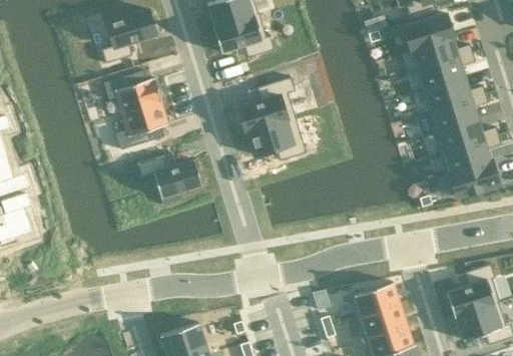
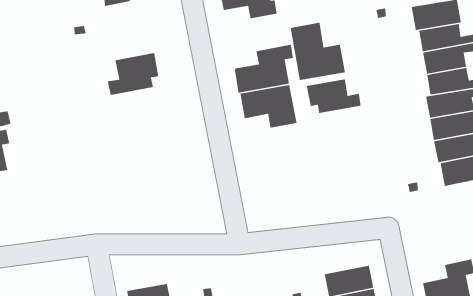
building: none -> [289,22,346,81]
building: [105,71,160,116] -> none
building: none -> [306,78,361,114]
building: [138,156,201,205] -> none

